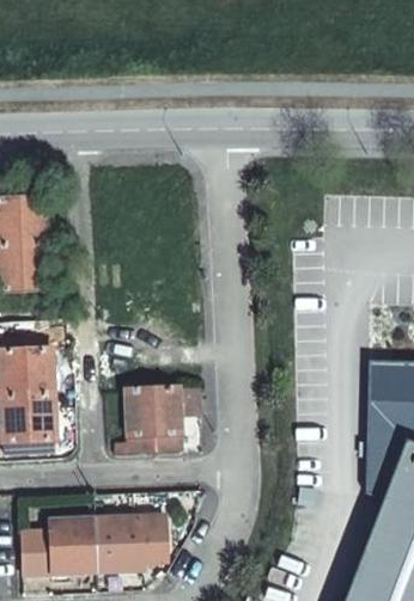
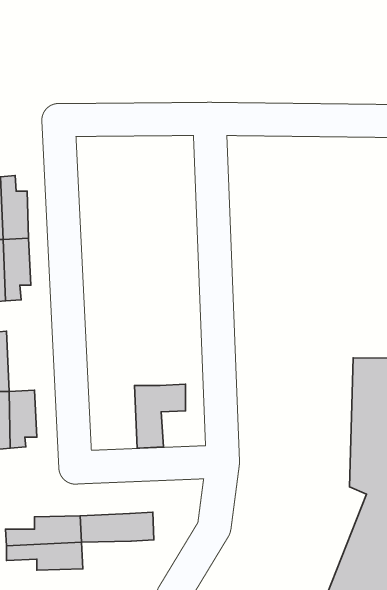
building: [25,337,53,397] -> none
building: [115,391,154,454] -> none
building: [99,544,172,572] -> none

